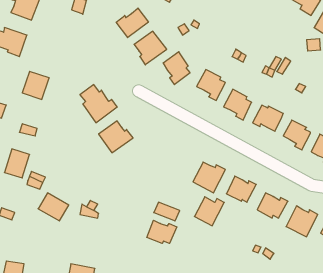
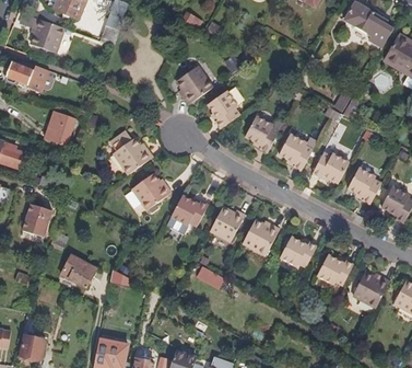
building: [116,8,148,38] -> none
building: none -> [172,196,208,227]
building: [194,197,224,226] -> [210,207,245,241]
building: [147,220,177,243] -> none

